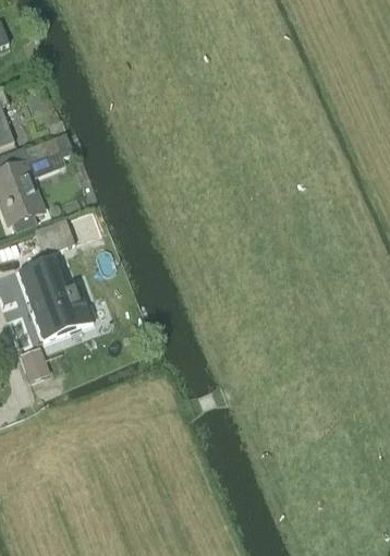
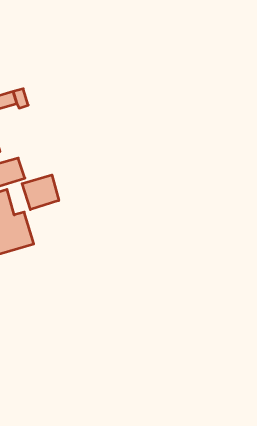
building: none -> [22,175,59,210]

